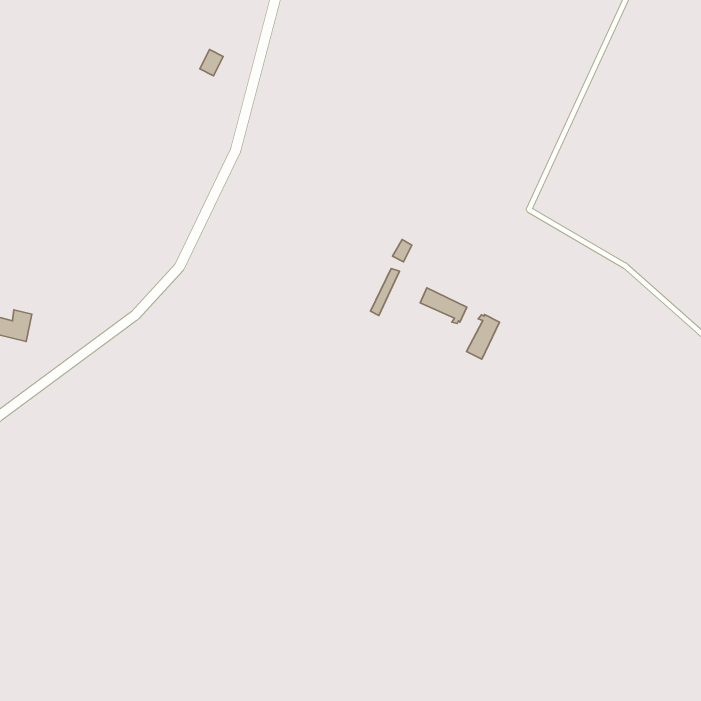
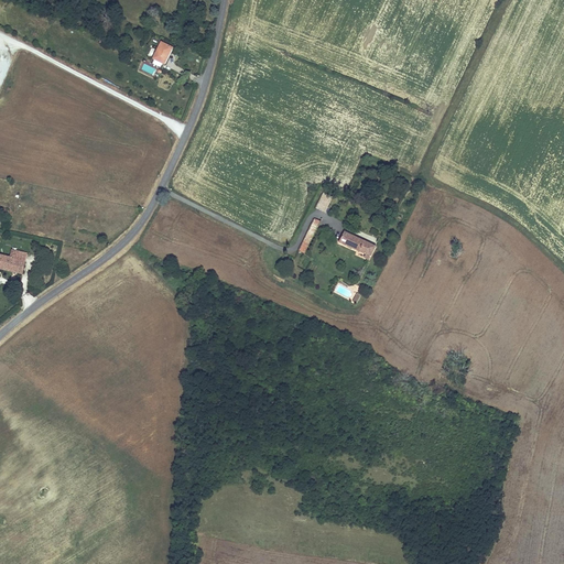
building: [467,314,500,359] -> none

